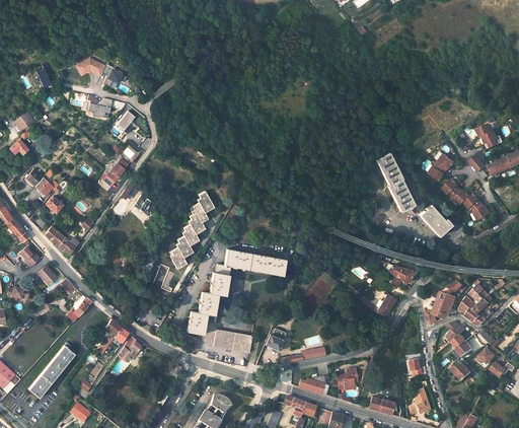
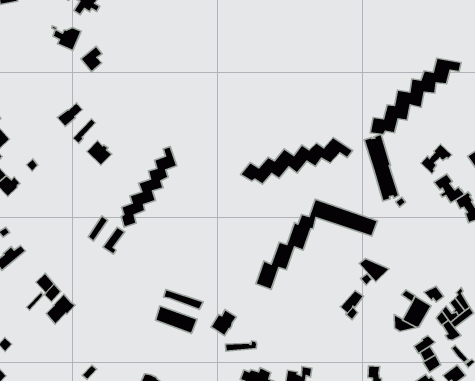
building: none -> [370,58,461,135]
building: none -> [240,137,353,184]
building: [419,205,452,236] -> none
building: [186,249,285,335] -> [256,199,378,289]

